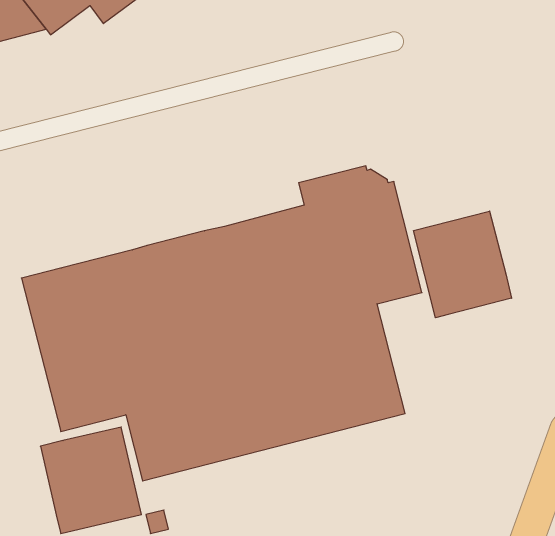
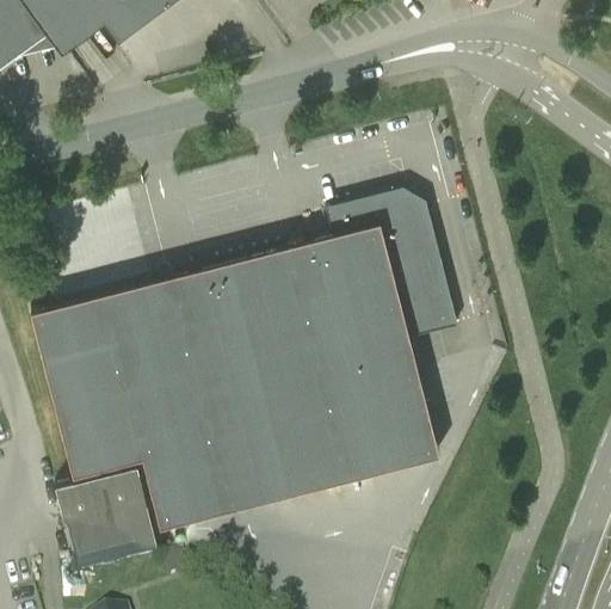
building: [414,211,512,318] -> none

